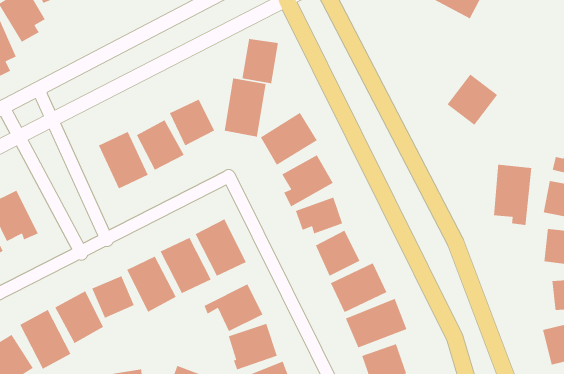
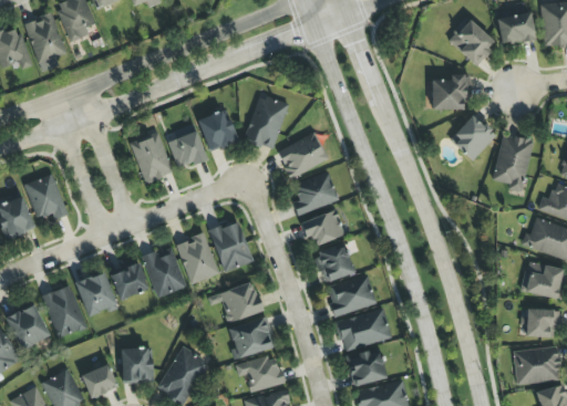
building: none -> [431,74,468,111]
building: [241,38,279,84] -> none
building: [493,164,532,226] -> [493,134,533,192]

